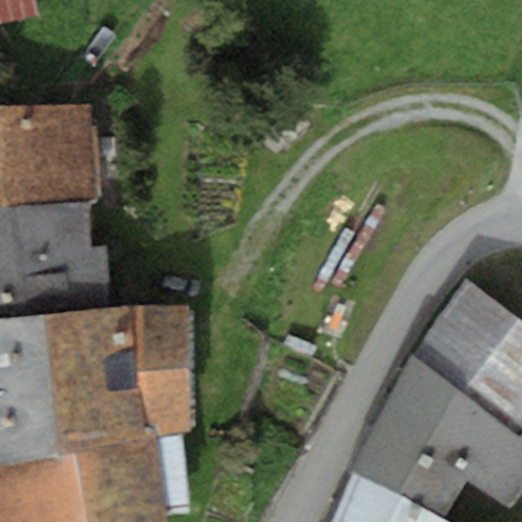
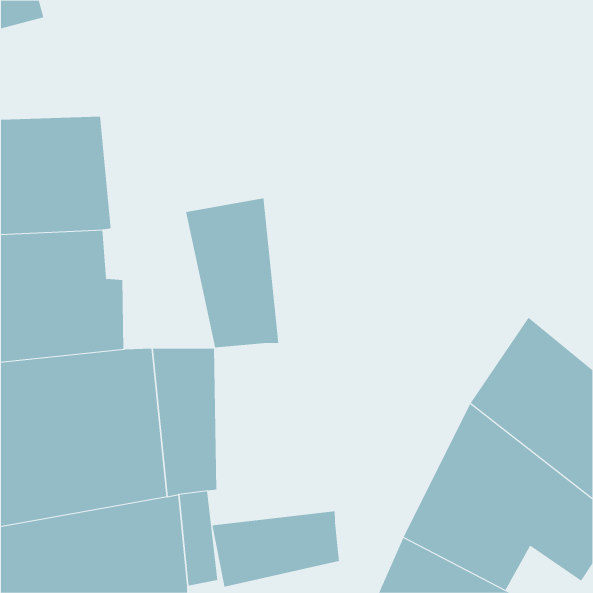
building: none -> [185,197,279,348]
building: none -> [212,511,340,587]

